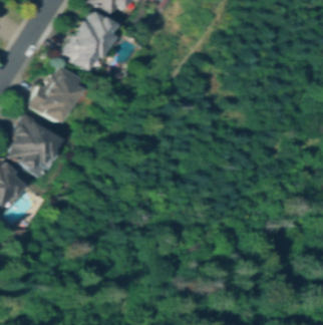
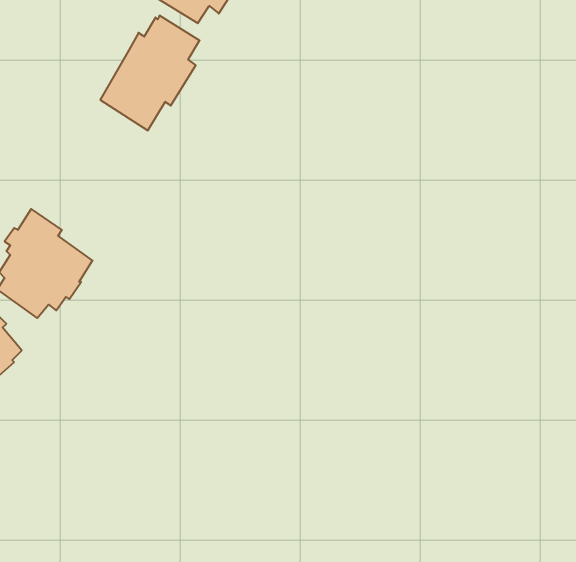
building: [28,66,78,122] -> none

